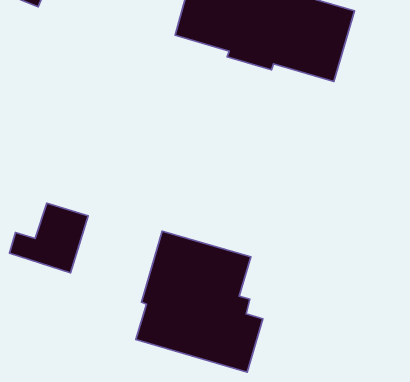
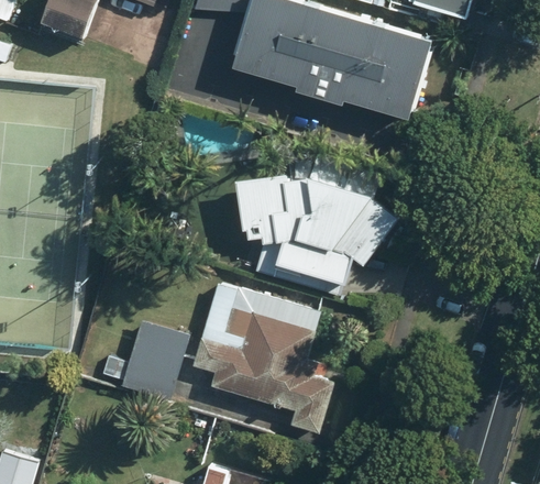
building: none -> [238,166,398,296]
building: [10,203,88,273] -> [101,319,189,397]

